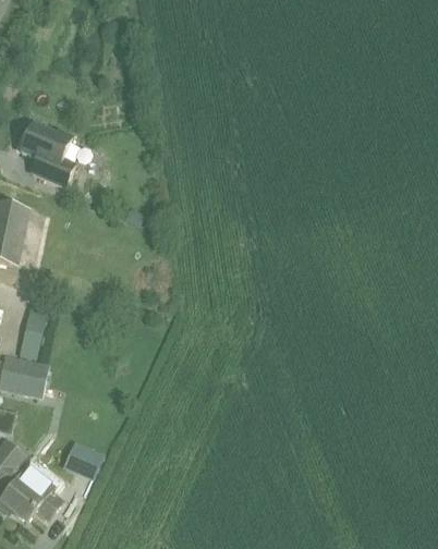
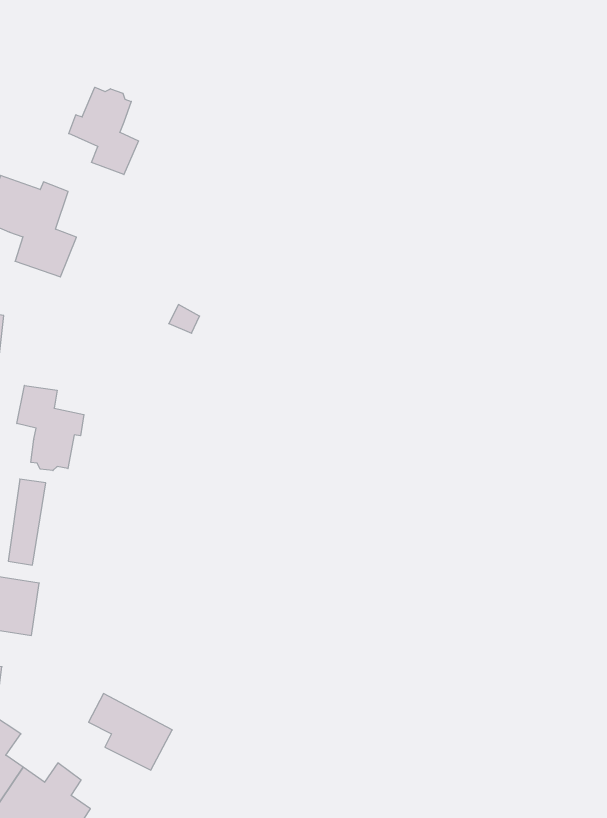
building: none -> [69,87,139,175]
building: none -> [17,385,84,471]

